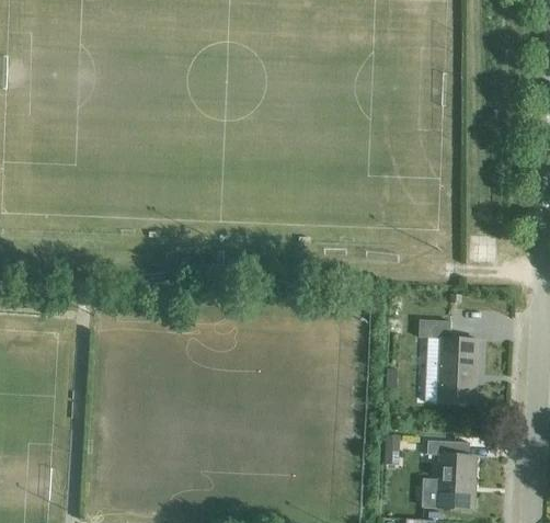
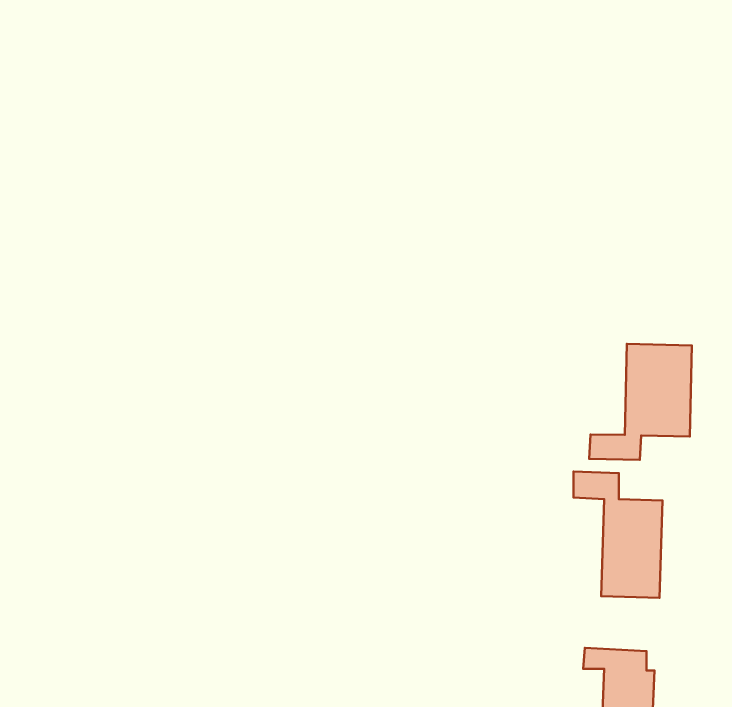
building: none -> [589,344,692,460]

